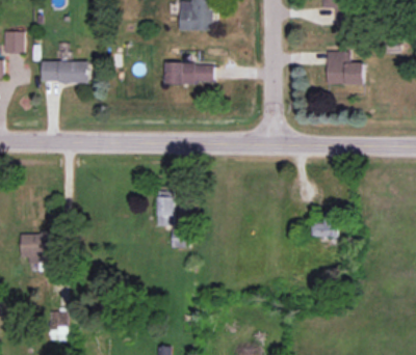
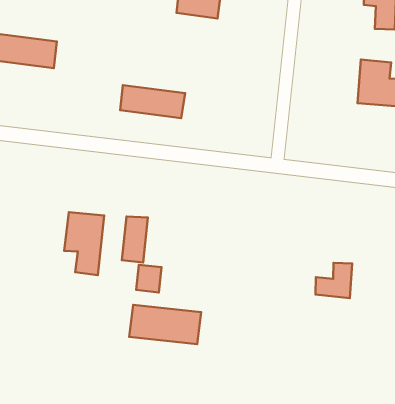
building: [164,63,213,84] -> [120,85,185,118]
building: none -> [64,212,104,275]
building: none -> [129,305,201,344]

